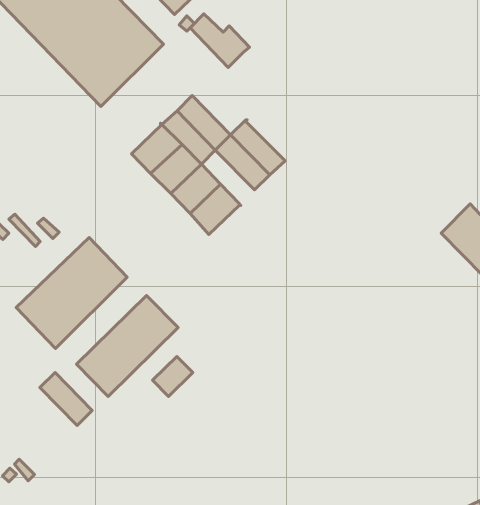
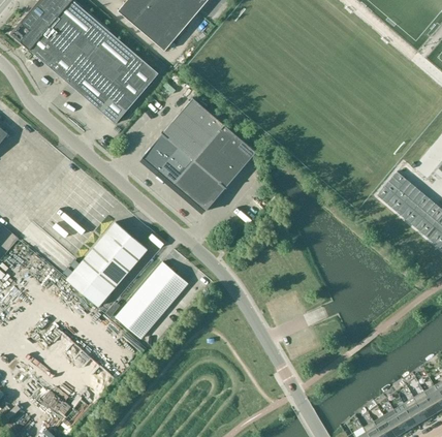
building: [190,14,250,67] -> [183,98,228,136]
building: none -> [194,149,235,187]
building: [153,356,193,396] -> none
building: [40,373,92,425] -> none

